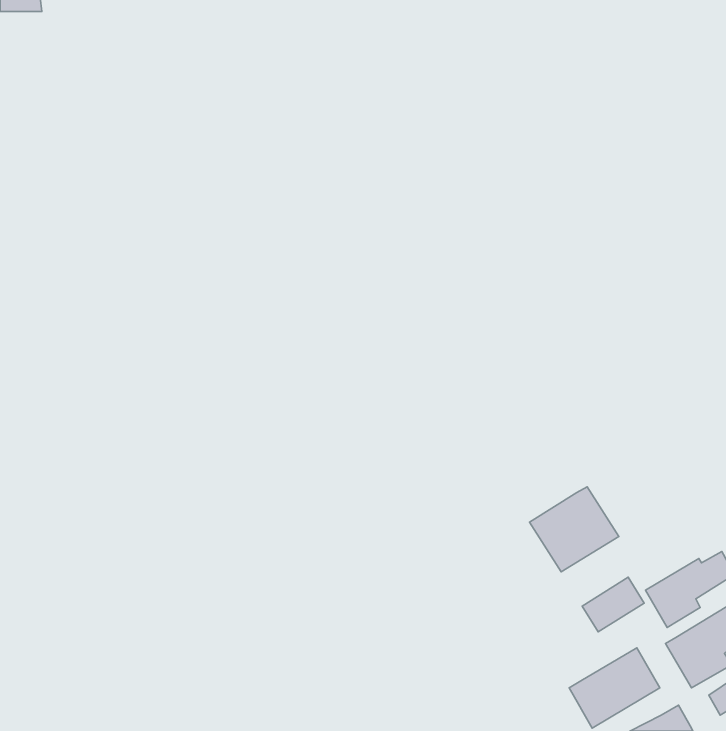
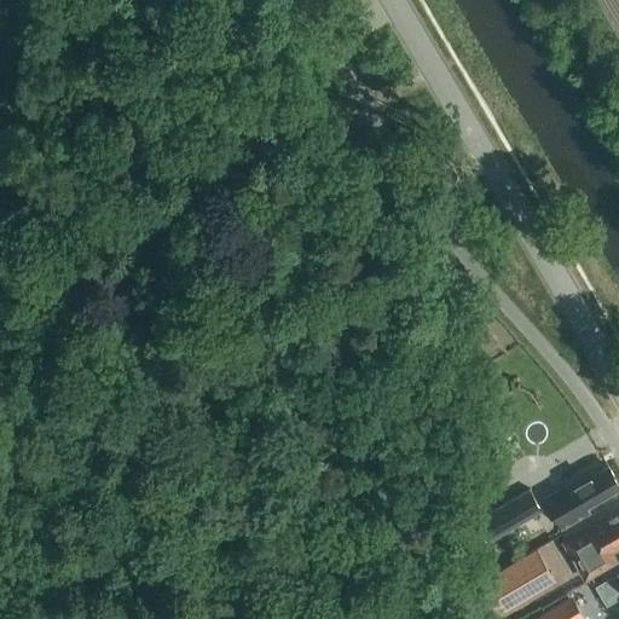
building: [529,487,619,572] -> none

